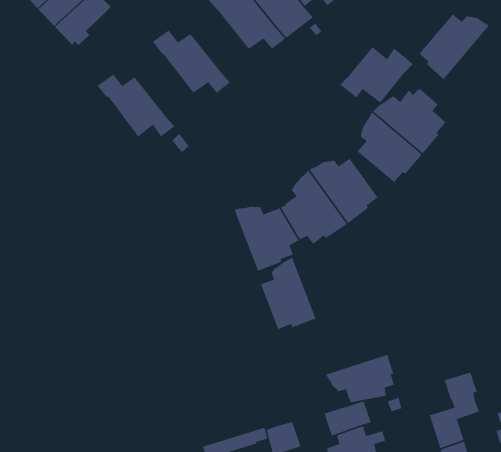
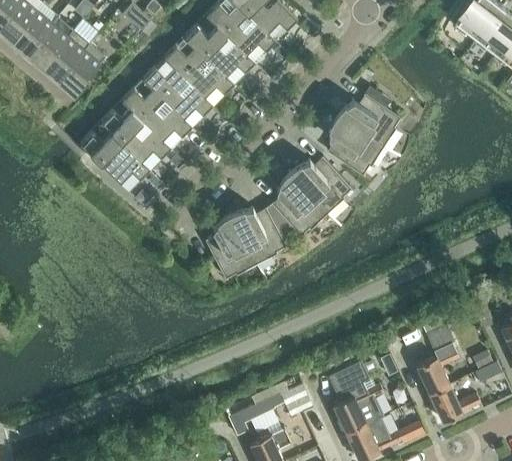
building: none -> [163,47,234,98]
building: [417,13,490,80] -> none
building: [340,46,414,104] -> none
building: none -> [121,90,192,141]
building: none -> [79,132,150,185]
building: [260,256,317,332] -> [204,213,256,278]
building: [325,354,395,403] -> none

